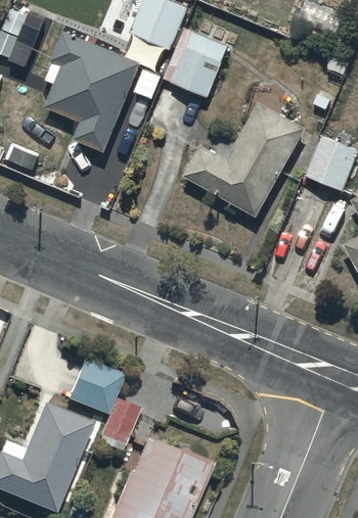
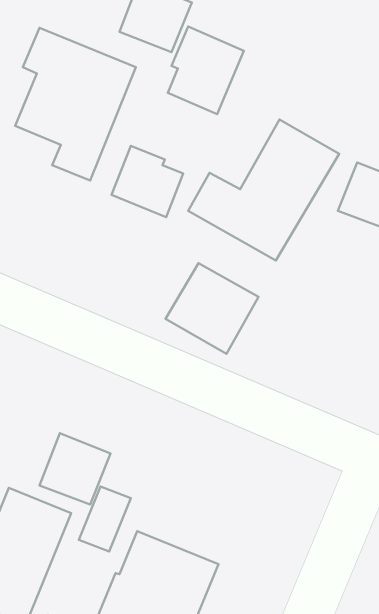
building: none -> [112,146,183,217]
building: none -> [166,263,259,354]

